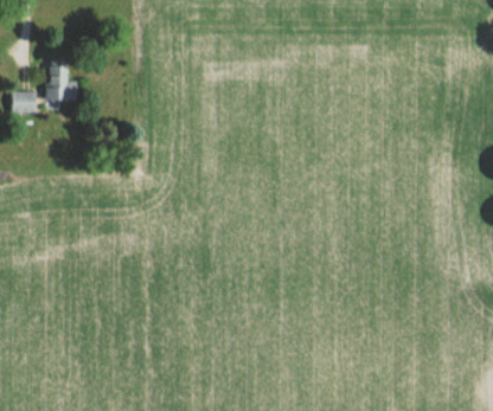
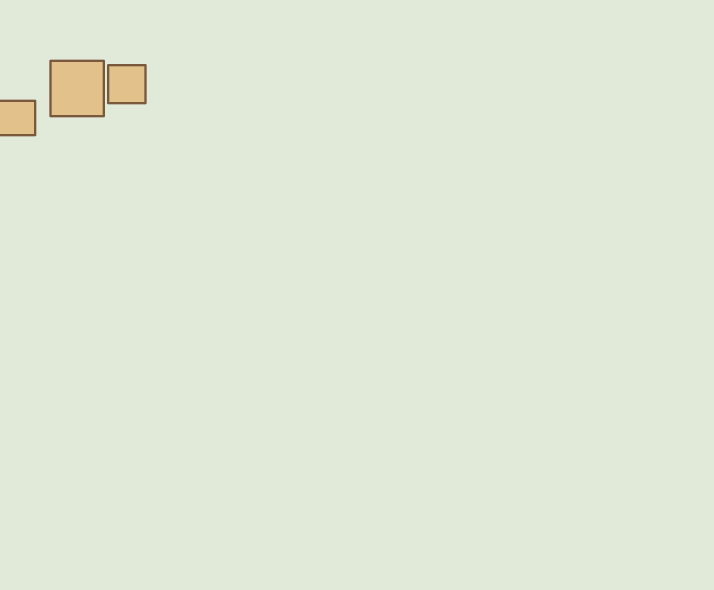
building: none -> [108,65,146,103]

